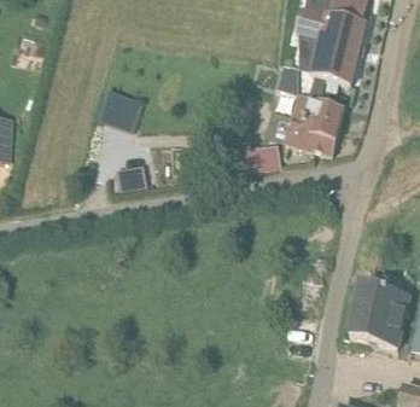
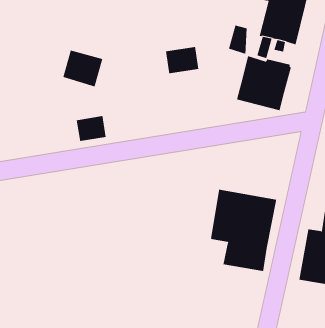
building: [244,141,280,170] -> [165,47,199,74]
building: none -> [210,189,277,272]

